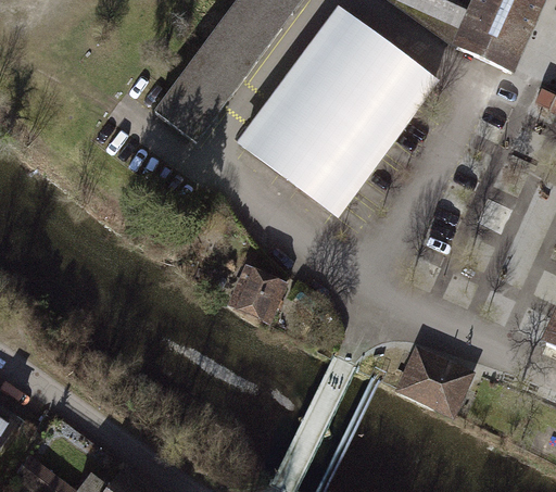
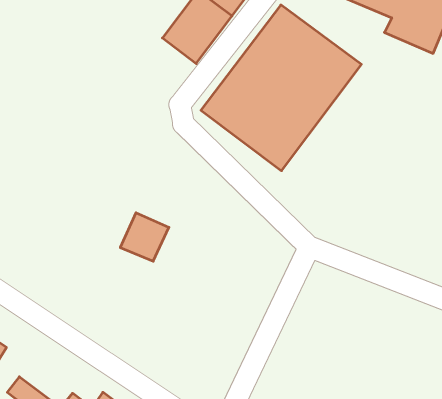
building: [153,55,236,142] -> none
building: [232,266,290,324] -> [120,213,169,261]
building: [394,345,471,416] -> none

